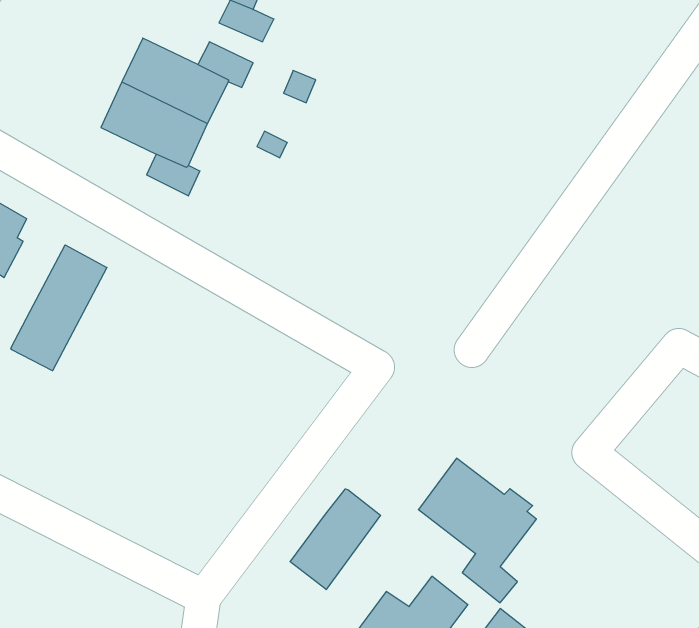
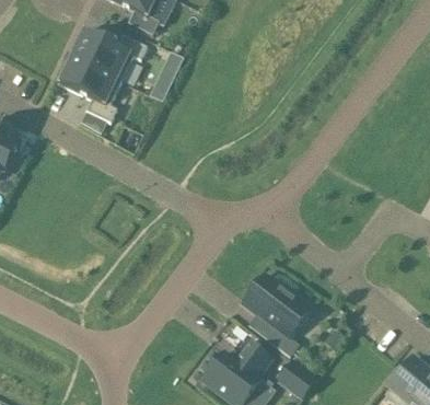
building: [11,245,107,371] -> none
building: [290,489,381,590] -> none

